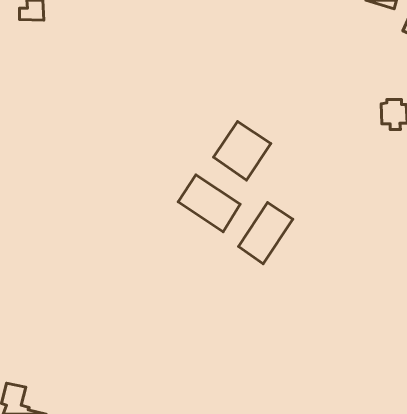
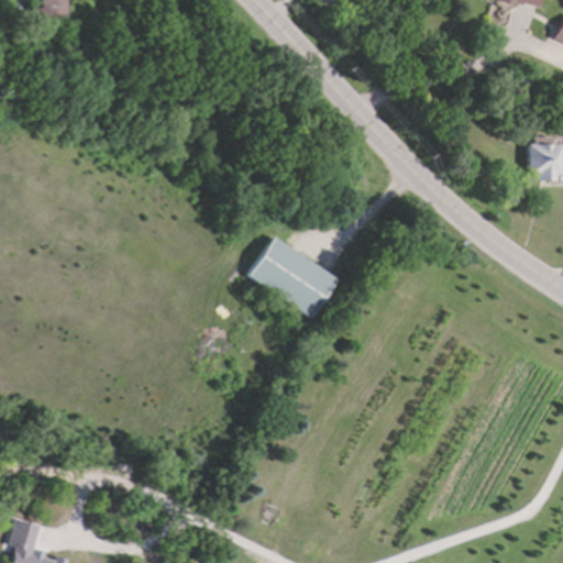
building: [213,121,271,180] -> none
building: [238,203,293,264] -> none

